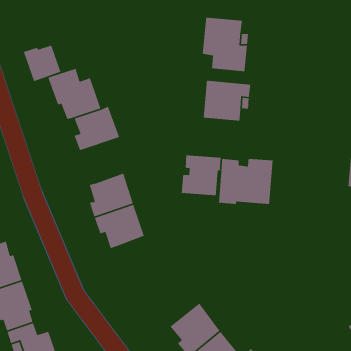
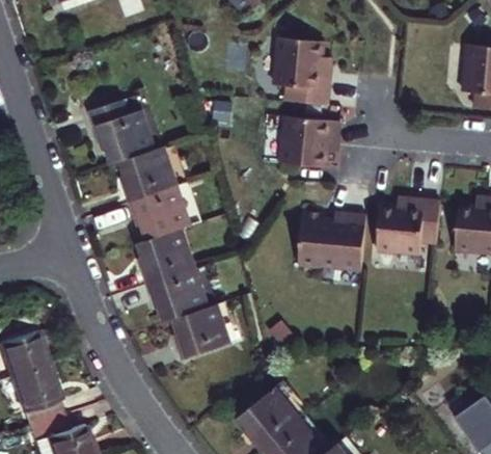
building: [23,45,61,82] -> none
building: none -> [127,187,190,242]
building: none -> [376,194,439,250]
building: [181,155,221,196] -> none
building: none -> [173,304,230,362]

